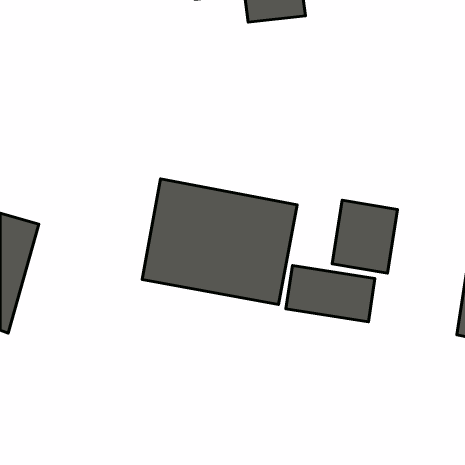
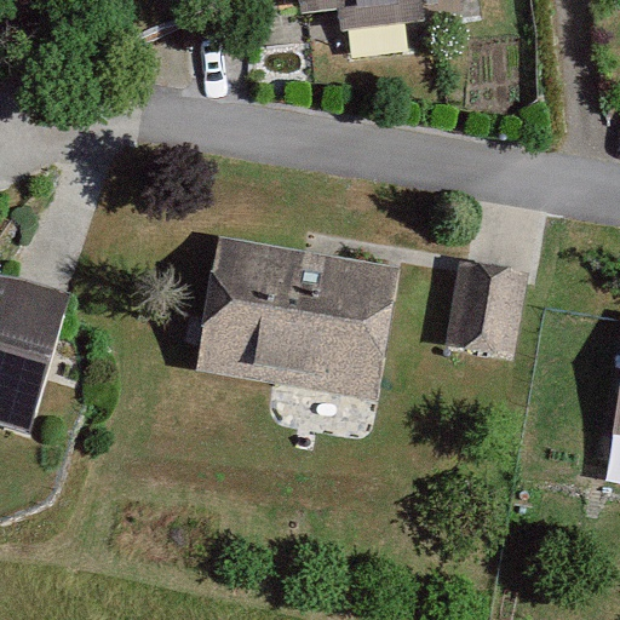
building: [286,265,375,322] -> none

